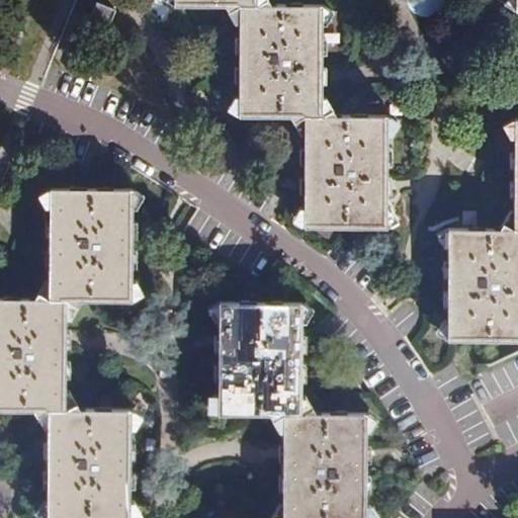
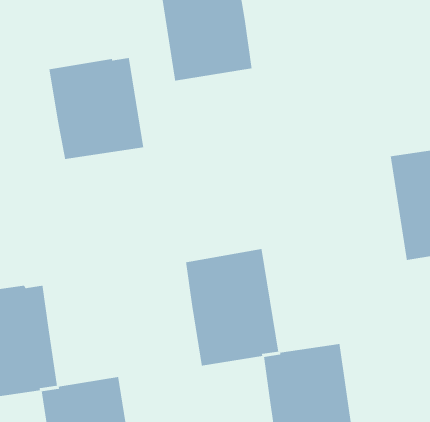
building: none -> [49,57,144,160]
building: [305,116,387,229] -> none
building: [49,191,133,305] -> none

